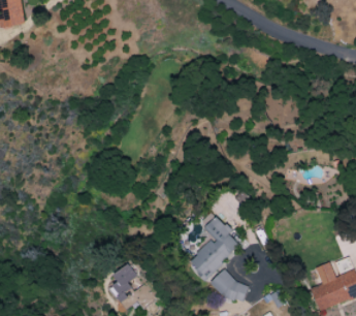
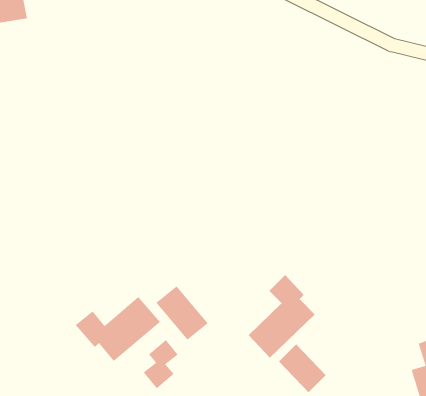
building: none -> [156,286,209,340]
building: none -> [75,296,161,362]

